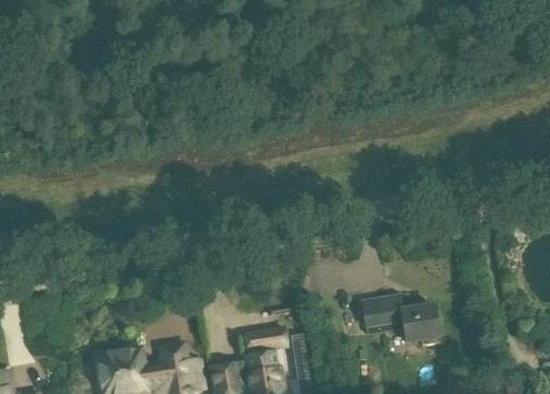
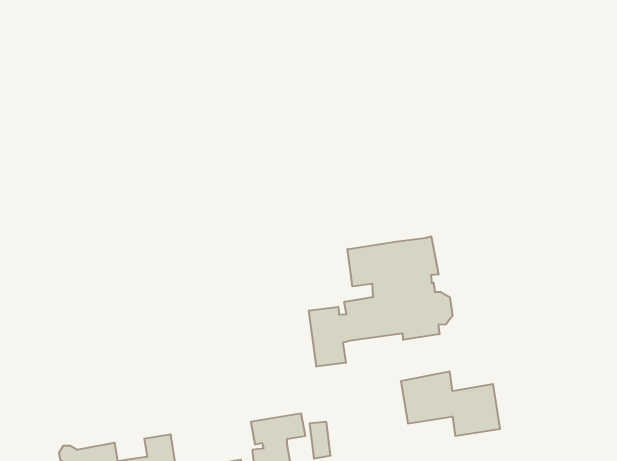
building: none -> [309,236,452,367]

